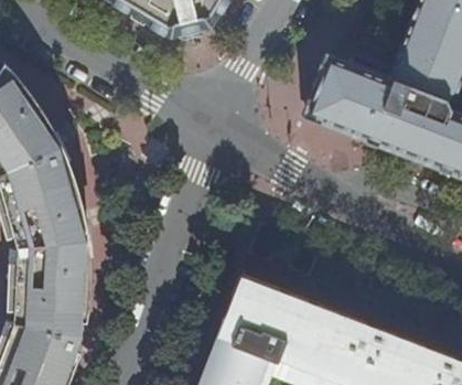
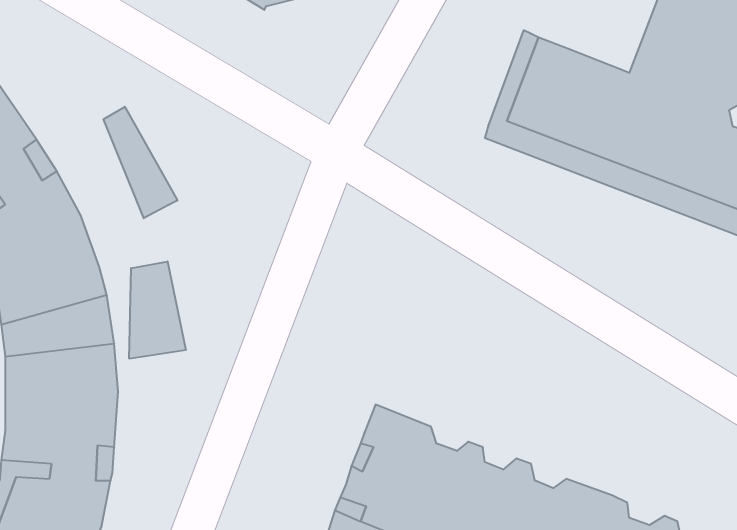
building: none -> [104,107,177,218]
building: none -> [129,261,186,359]

